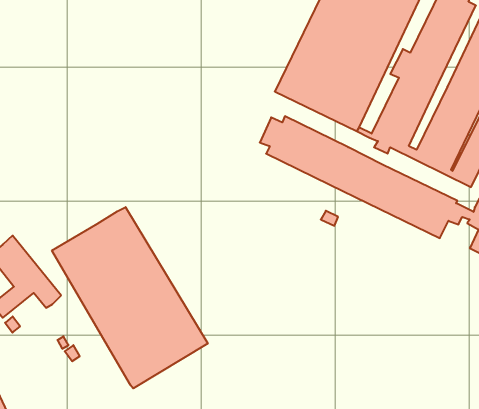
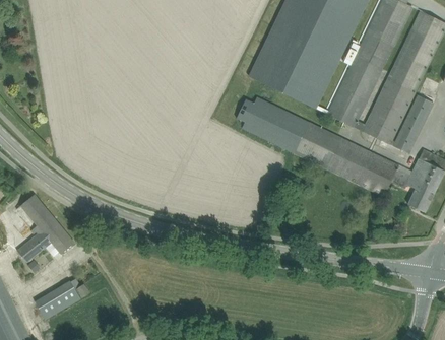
building: [52,207,208,388] -> none
building: none -> [33,279,80,319]

